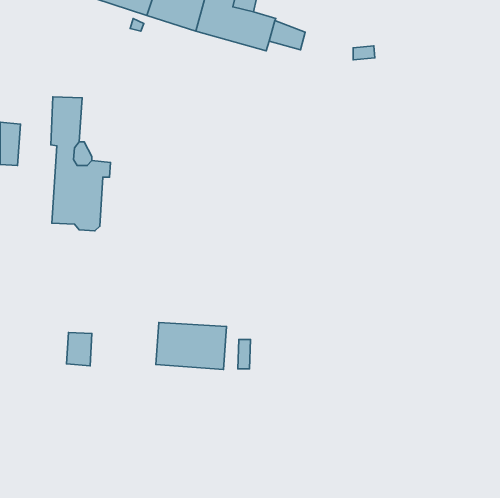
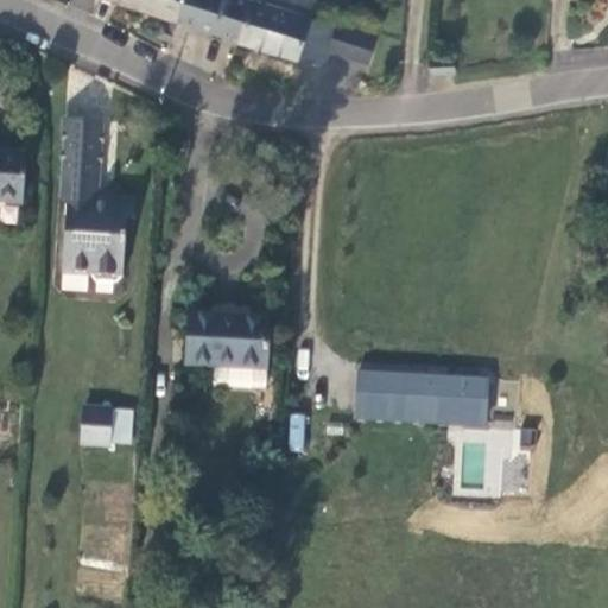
building: none -> [356,374,489,429]
building: [156,322,226,369] -> [184,311,270,368]

